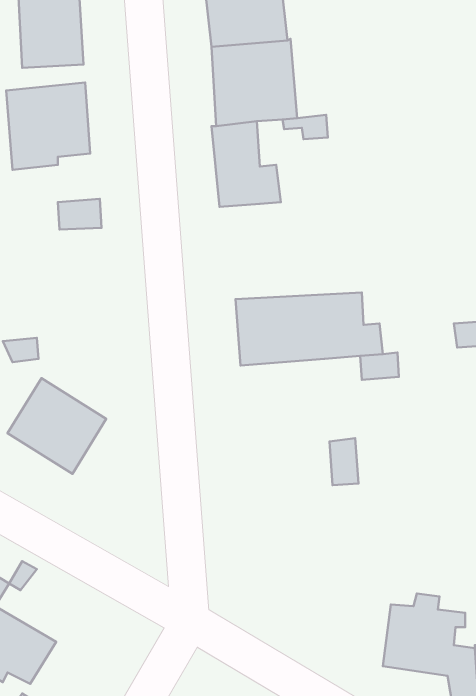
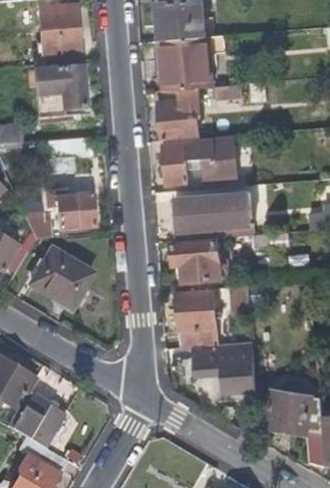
building: none -> [164,139,237,185]
building: none -> [57,193,96,229]
building: none -> [174,242,222,283]
building: none -> [178,287,257,394]

